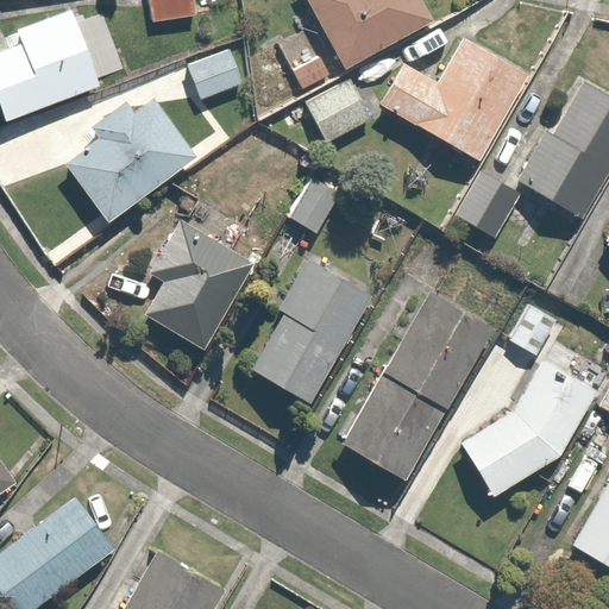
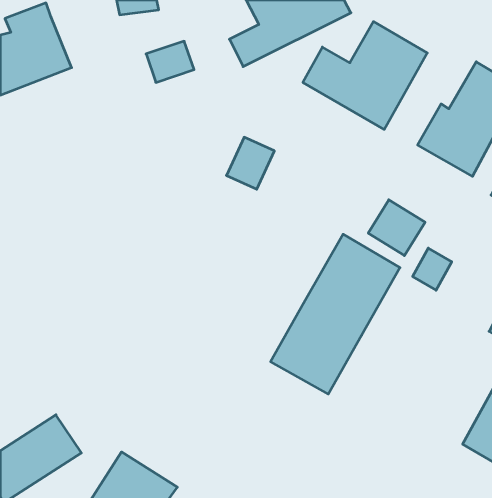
building: [312,80,373,139] -> none
building: [69,98,206,221] -> none
building: [453,171,522,239] -> [368,200,425,256]
building: [125,226,247,347] -> none
building: [246,256,372,400] -> none
building: [458,359,595,497] -> none

